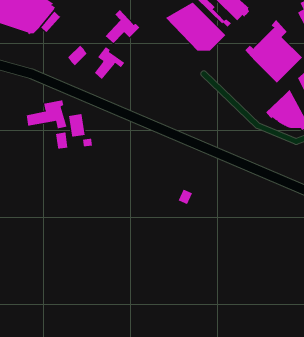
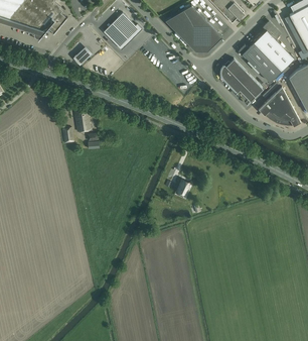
building: [94,46,125,80] -> none
building: none -> [221,58,263,103]
building: [26,99,67,129] -> none

